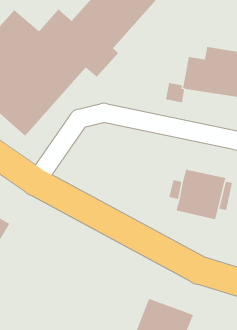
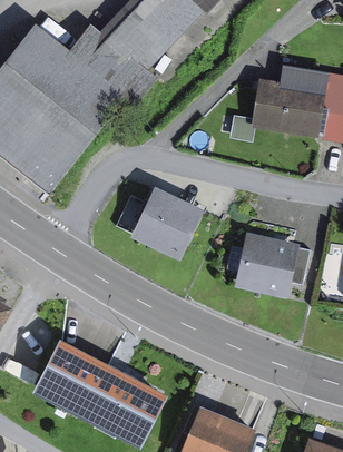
building: none -> [127,190,197,261]
building: none -> [45,342,177,440]

